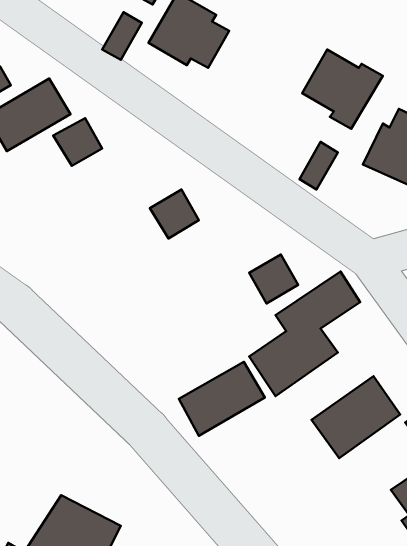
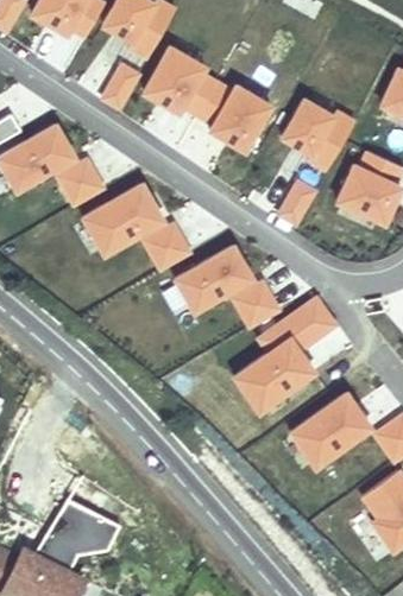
building: none -> [197,82,271,151]
building: none -> [83,184,163,254]
building: [179,362,265,436] -> [175,246,252,312]

